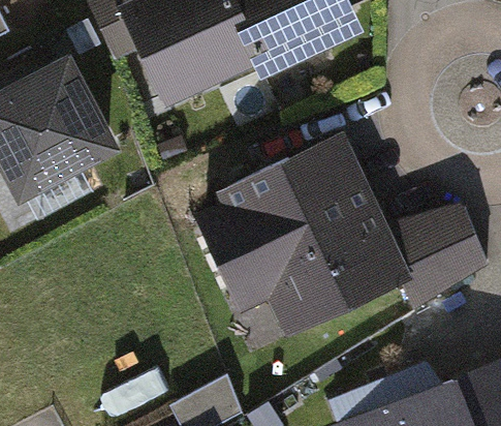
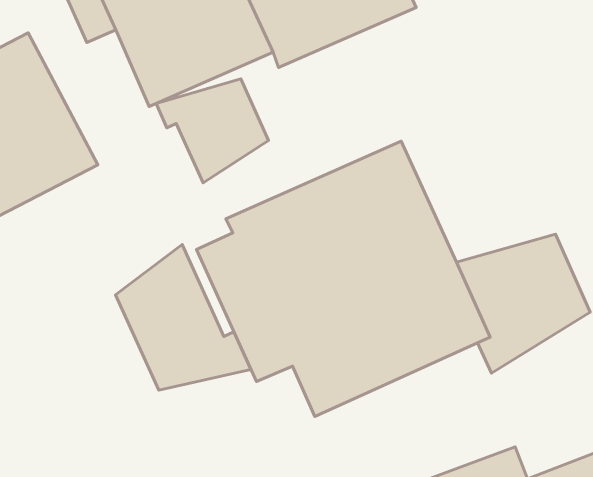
building: none -> [156,79,269,183]
building: none -> [116,245,251,390]

